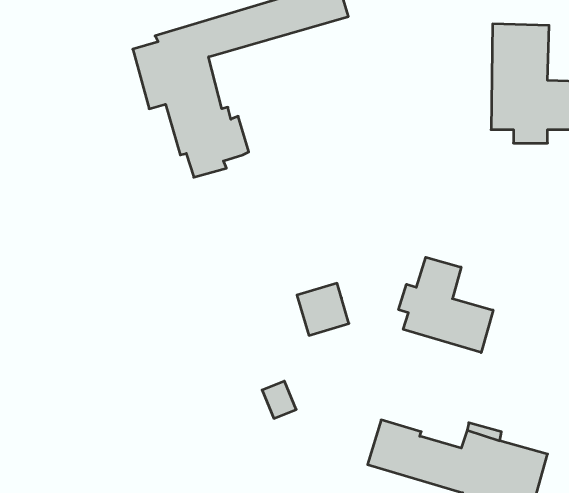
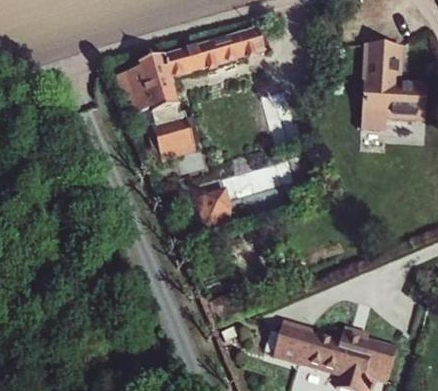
building: [399,257,493,353] -> none
building: [297,283,349,335] -> [196,189,231,224]

